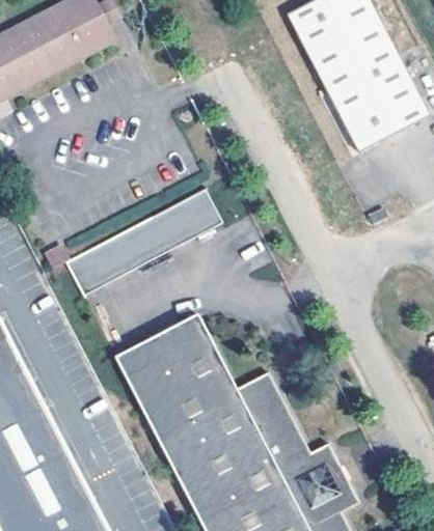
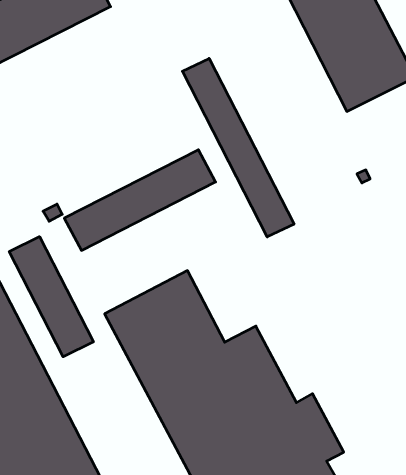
building: none -> [182,58,294,237]
building: none -> [9,237,93,357]

